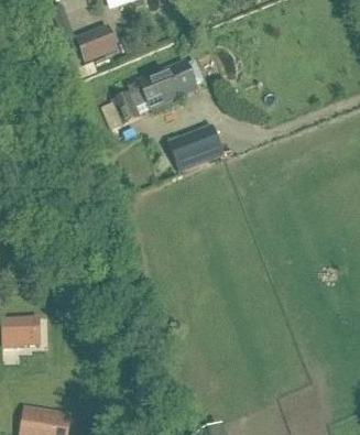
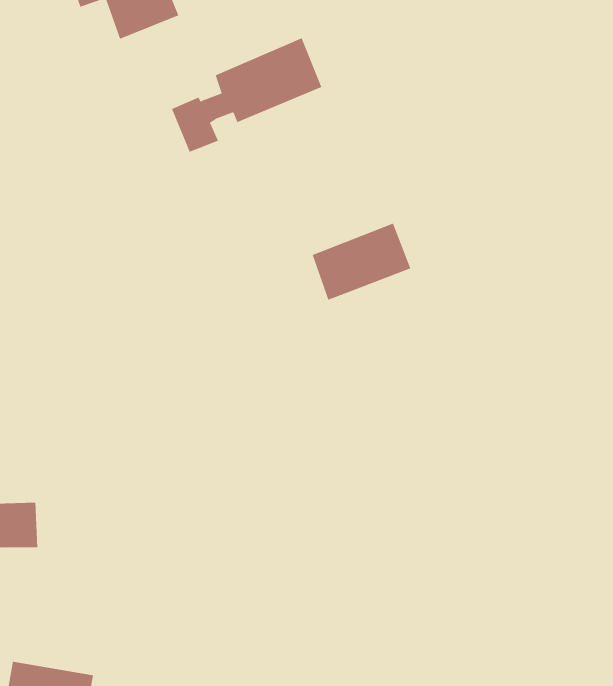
building: [170,128,225,171] -> [312,223,411,300]

